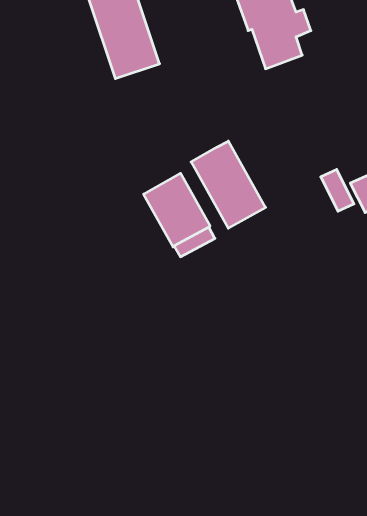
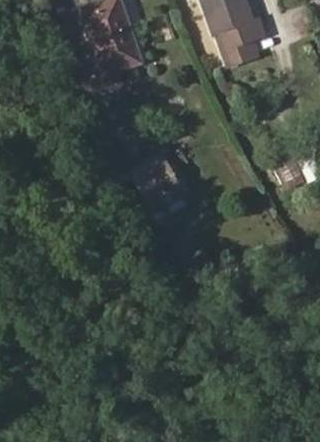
building: [191,141,266,228] -> none

